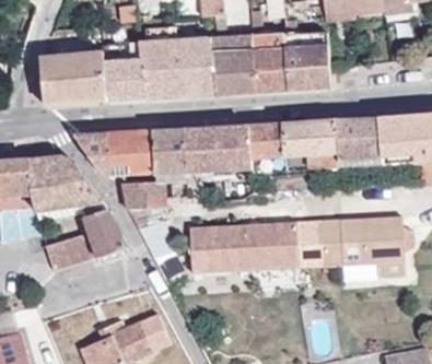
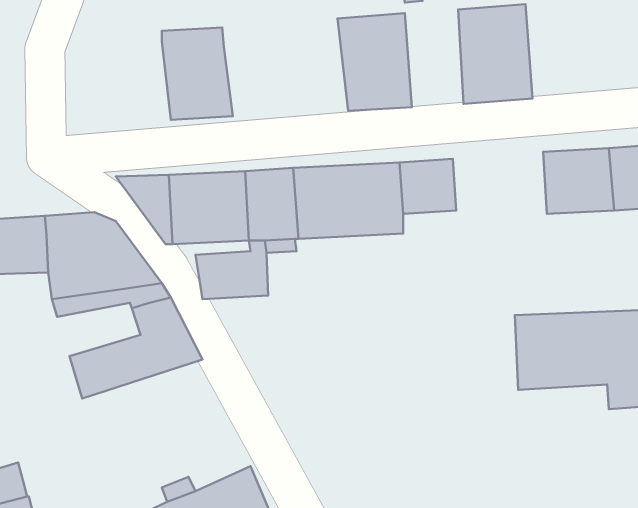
building: [252,32,288,92] -> none
building: [139,37,217,97] -> none
building: [39,51,107,105] -> none
building: [281,119,339,166] -> none
building: [189,223,301,272] -> none

